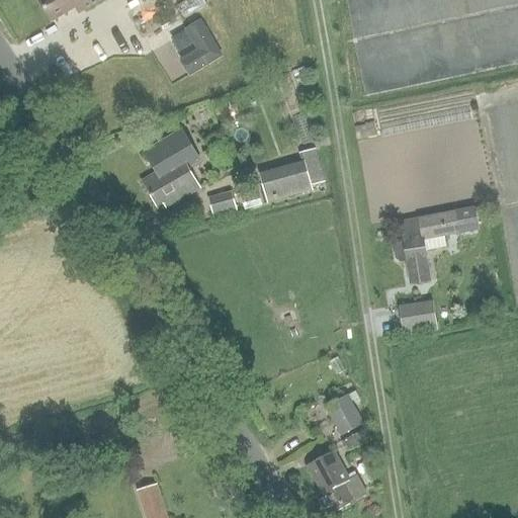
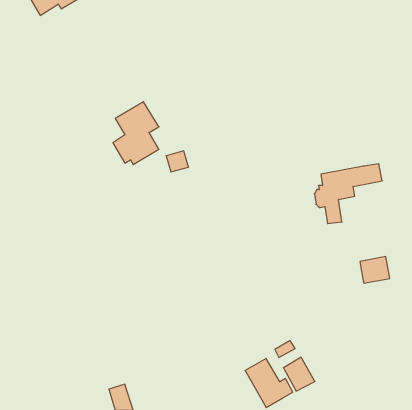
building: [180,16,222,73] -> none
building: [259,146,324,201] -> none
building: [400,298,437,332] -> [360,257,390,283]
building: [325,392,364,434] -> [283,357,315,391]

